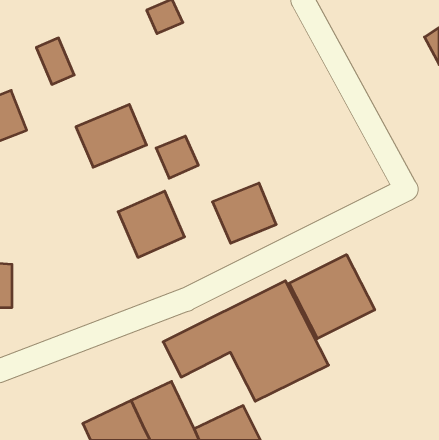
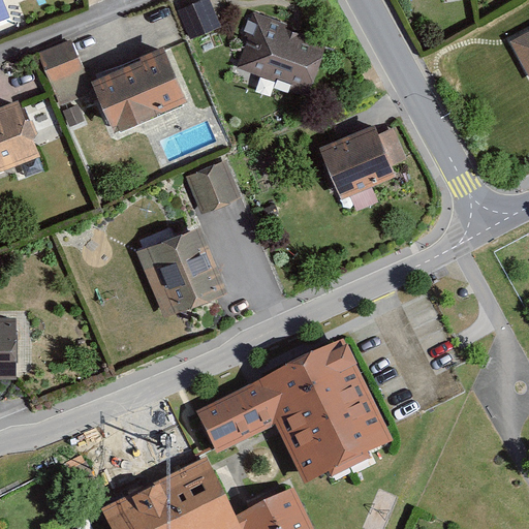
building: none -> [244,25,320,84]
building: [76,104,147,167] -> [99,49,184,124]
building: [212,183,276,243] -> [317,128,394,200]
building: [289,255,375,339] -> none

